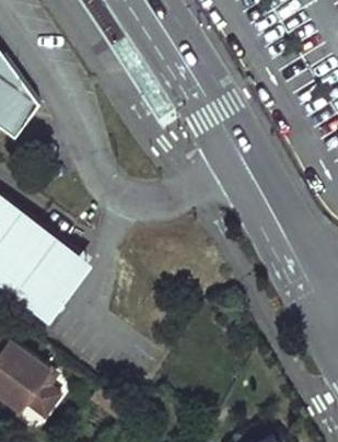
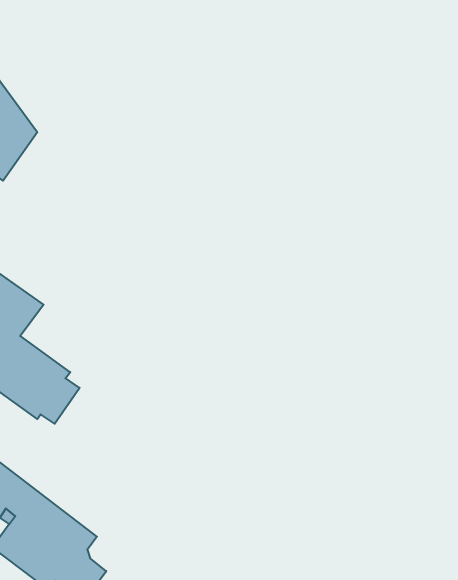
building: [25,226,85,284] -> none

